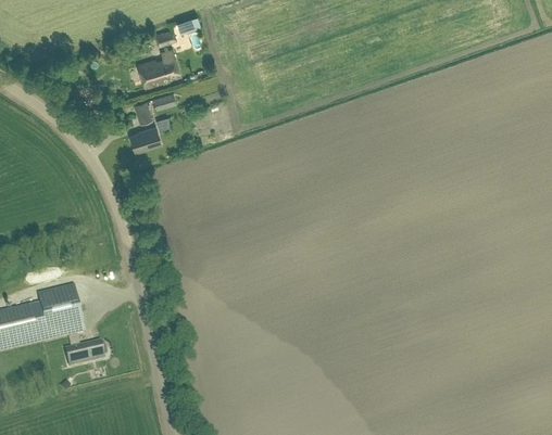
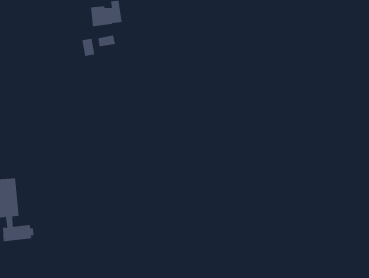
building: [128,115,170,151] -> none

